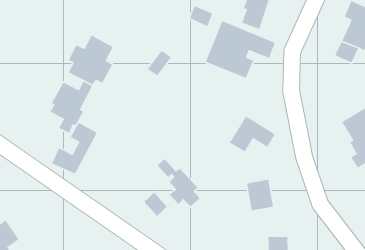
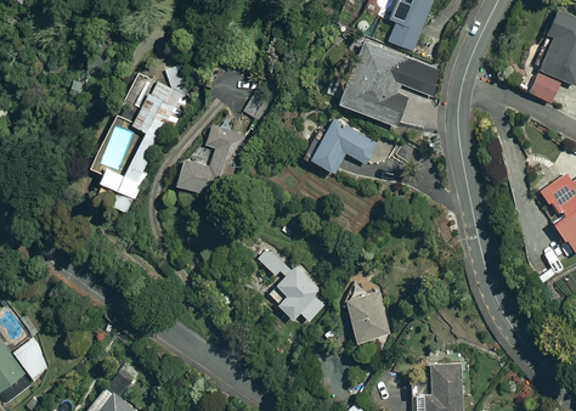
building: [189,5,213,27] -> none
building: [229,115,276,153] -> [307,118,378,174]
building: [51,122,98,174] -> [176,118,247,197]
building: [246,179,274,211] -> [350,292,391,340]
building: [144,191,168,217] -> none

